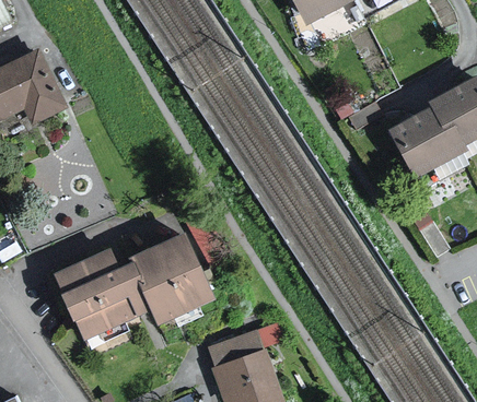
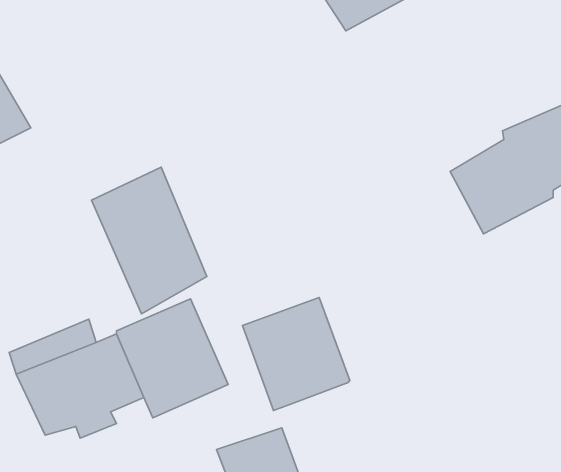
building: none -> [92,167,207,314]
building: none -> [243,298,350,411]

